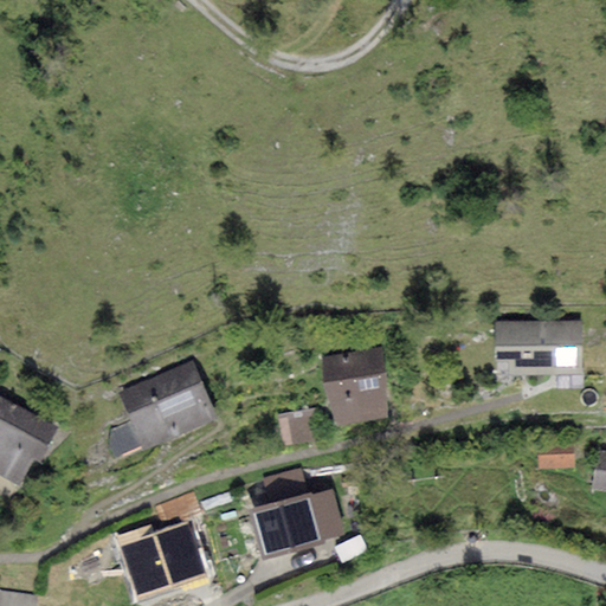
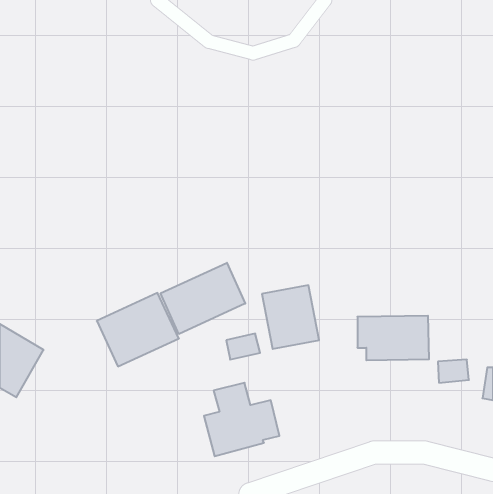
building: [495,321,582,375] -> [357,316,429,360]
building: none -> [161,263,245,334]
building: [115,521,204,598] -> none

